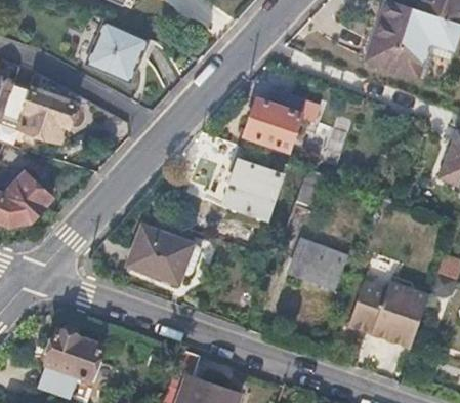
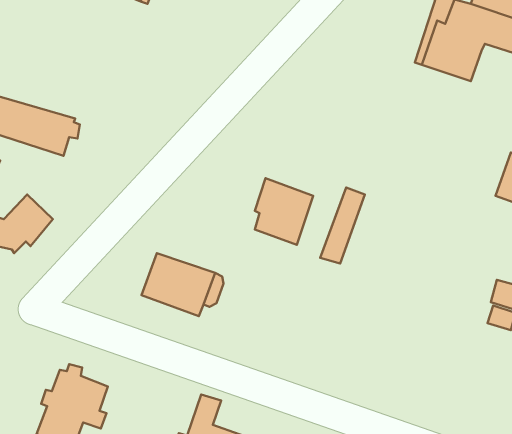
building: [85,21,149,84] -> none
building: [244,92,303,153] -> none
building: [290,240,345,285] -> none
building: [348,280,429,349] -> none

